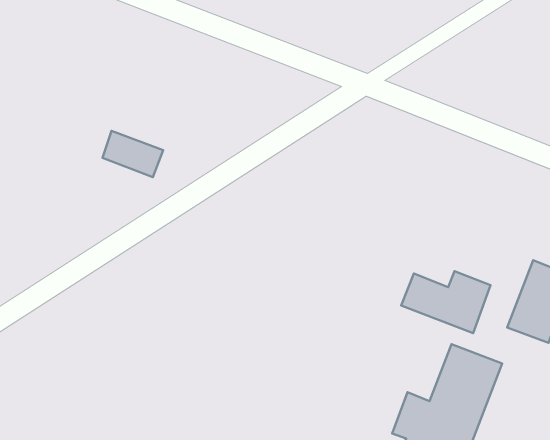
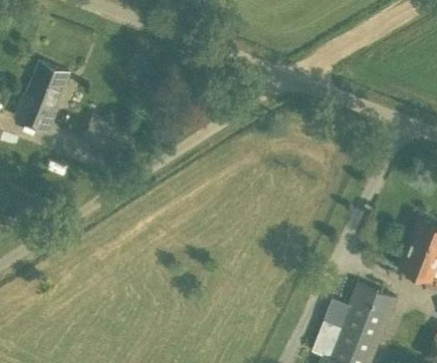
building: none -> [12,62,70,134]
building: [401,271,490,333] -> none

